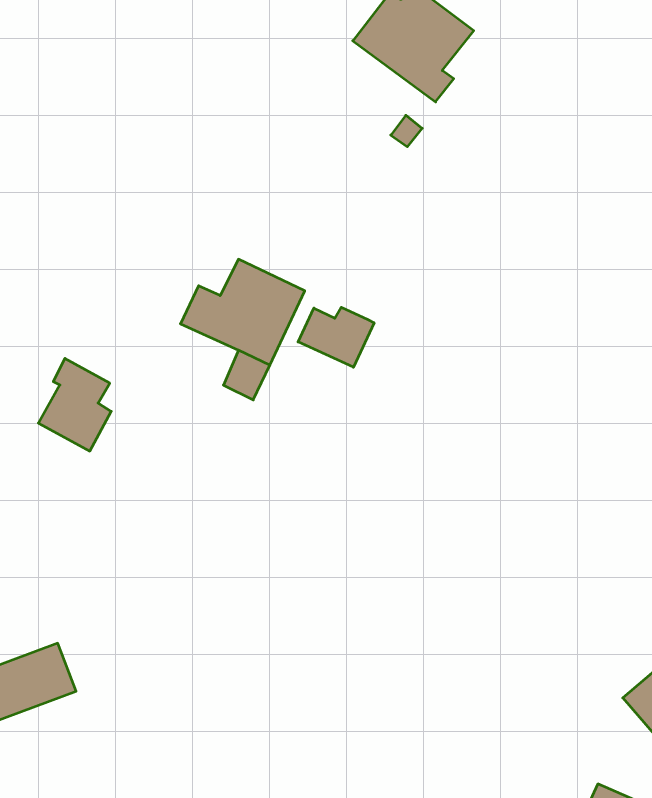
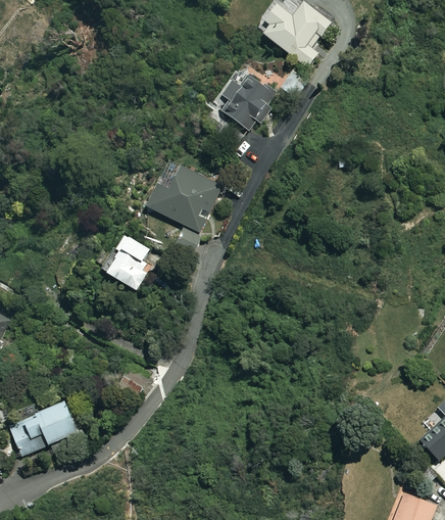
building: none -> [221,73,275,128]
building: [298,307,374,367] -> none
building: [38,358,111,451] -> [108,233,153,290]

